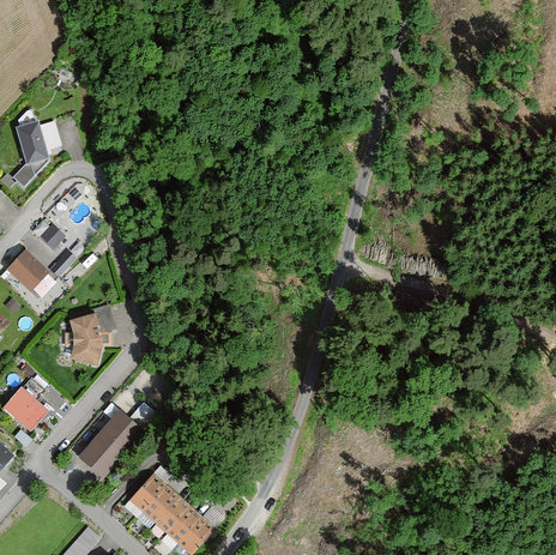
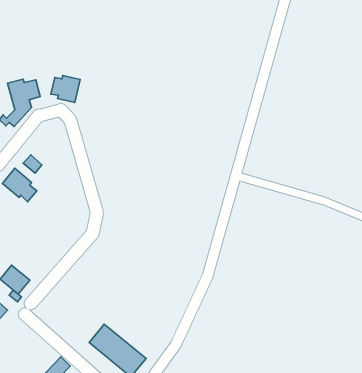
building: none -> [51,75,80,103]
building: [68,306,115,366] -> none
building: [79,410,143,477] -> none

